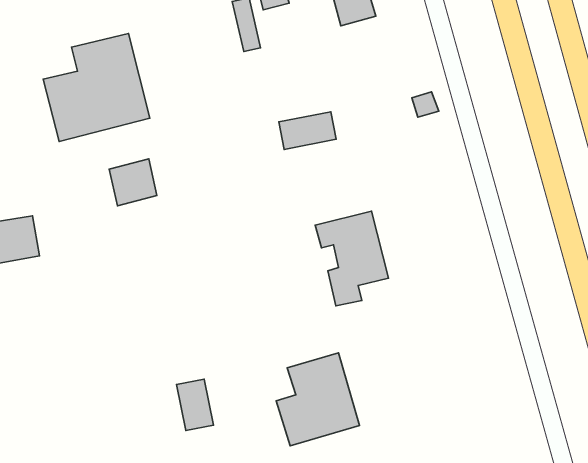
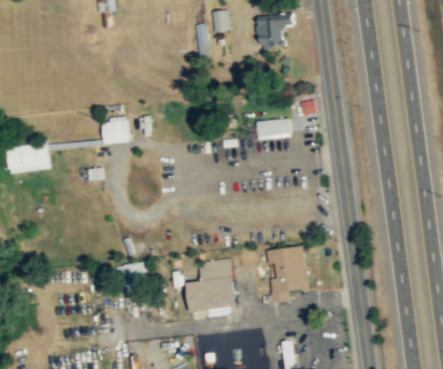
building: [43,34,150,142] -> none
building: [279,112,336,150] -> [255,118,290,138]
building: [315,211,388,306] -> [265,245,307,302]

